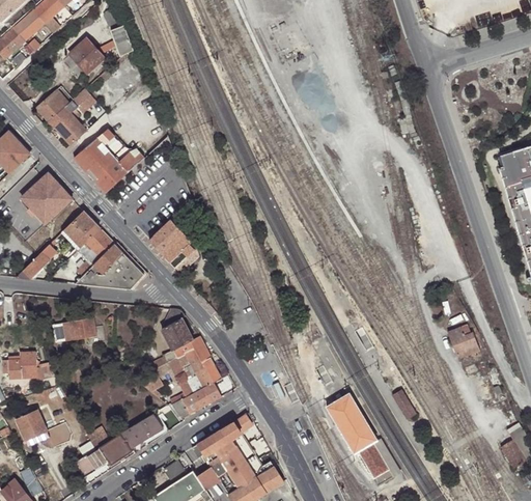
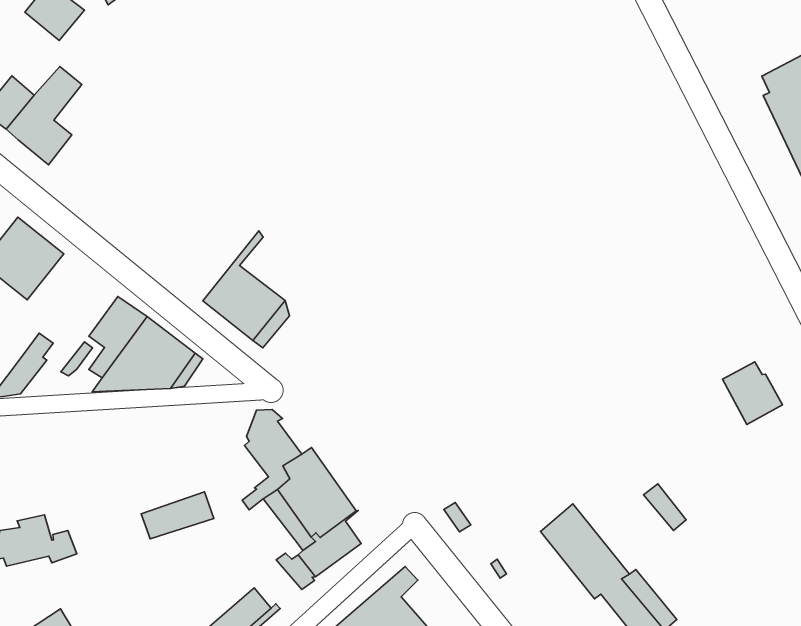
building: [74,128,144,193] -> none
building: [63,212,100,248] -> none
building: [53,318,95,341] -> [141,492,214,539]

